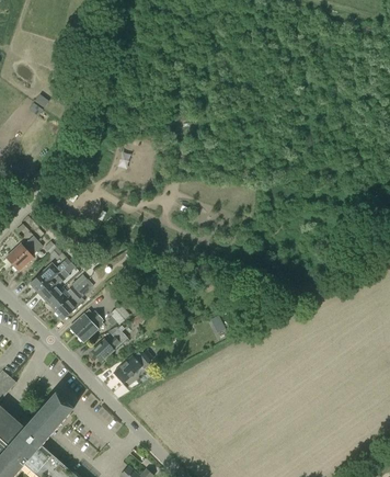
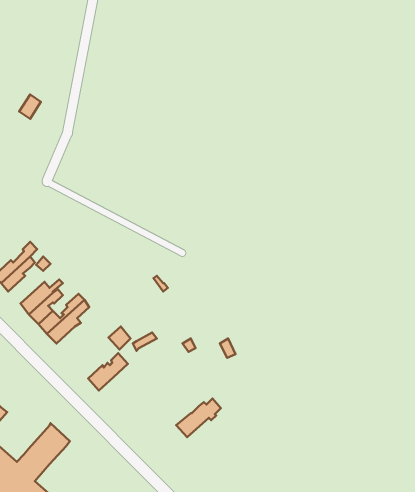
building: [68,309,103,343] -> none
building: [112,349,152,384] -> [176,399,221,437]

